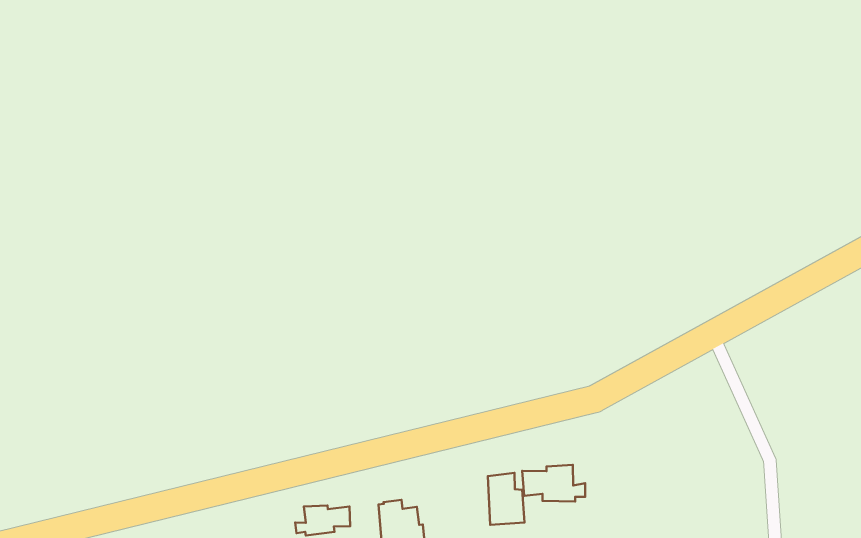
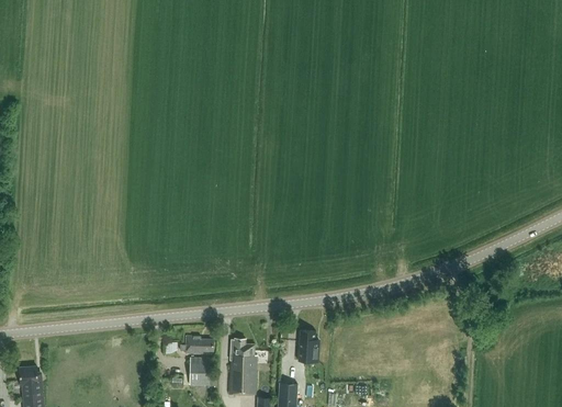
building: [522,465,585,501] -> none

